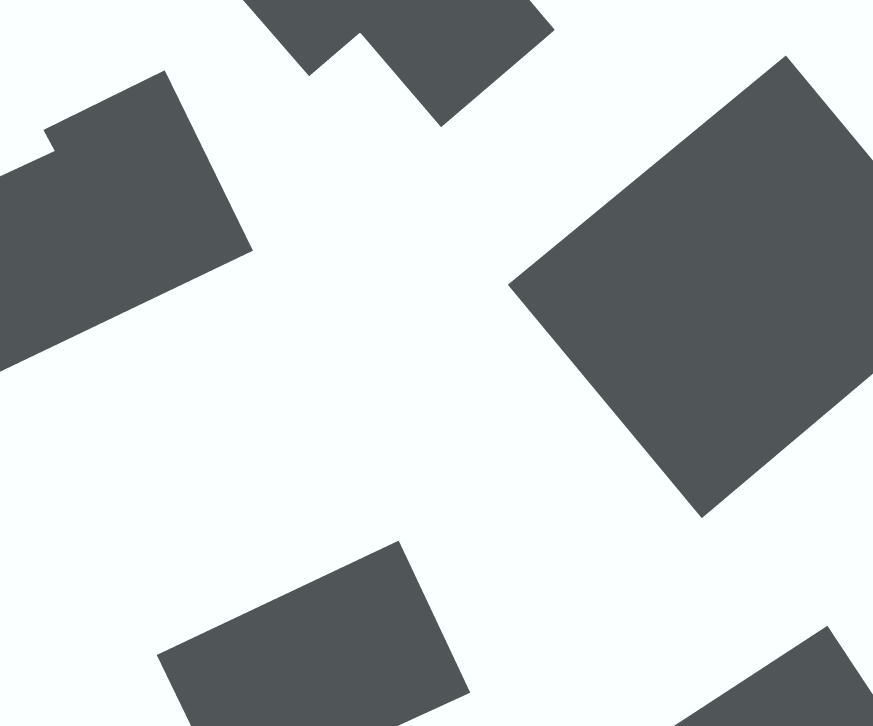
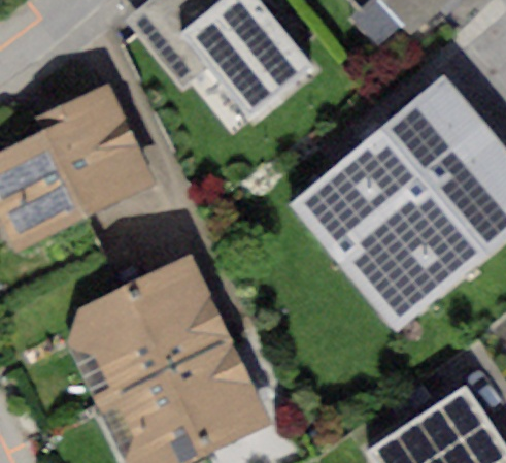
building: none -> [68,253,232,403]

